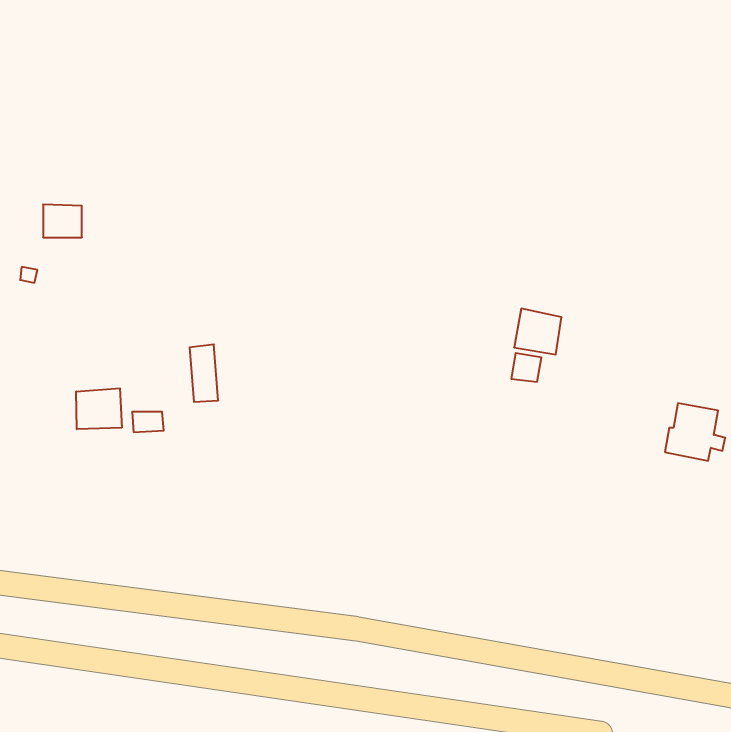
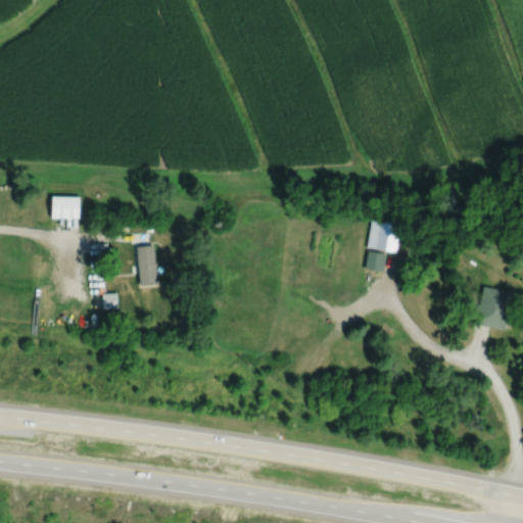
building: [43,204,82,237] -> [53,196,81,220]
building: [76,388,122,429] -> none

